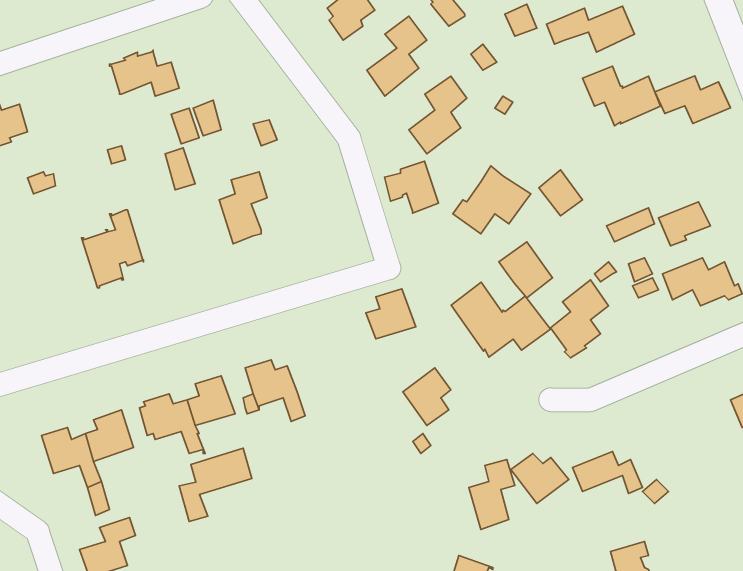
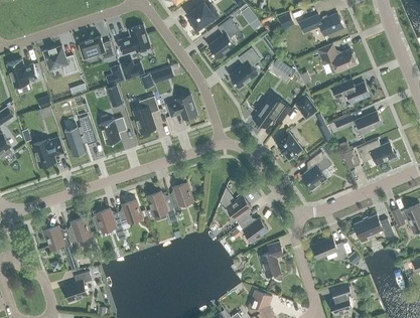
building: none -> [118,25,150,54]
building: none -> [42,45,78,73]
building: [655,76,731,124] -> [331,78,370,103]
building: [385,161,438,213] -> [168,94,195,120]
building: none -> [100,117,126,144]
building: none -> [32,137,63,166]
building: [451,282,550,357] -> none
building: [366,289,416,339] -> [168,182,193,207]
building: none -> [354,214,394,243]
building: [179,448,252,521] -> none
building: [511,454,569,504] -> [239,216,268,242]

